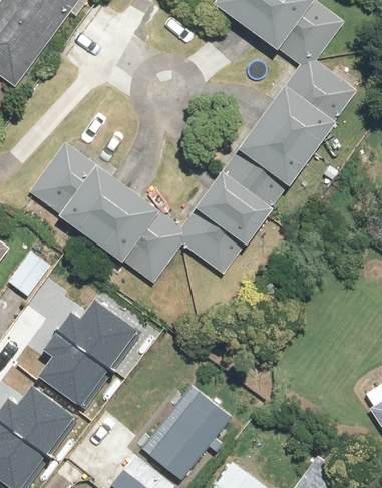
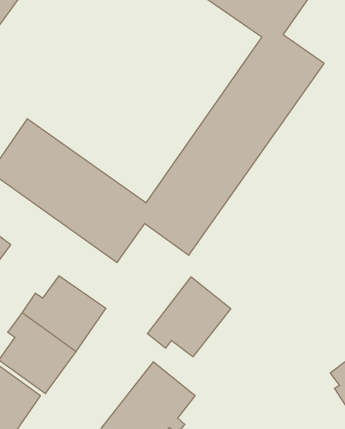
building: none -> [148,277,231,357]

